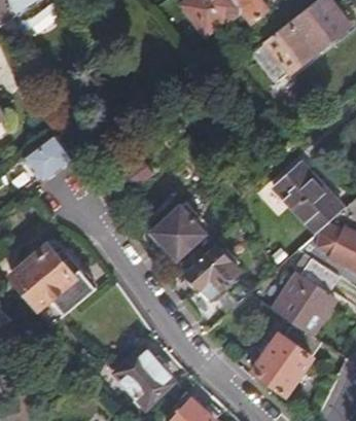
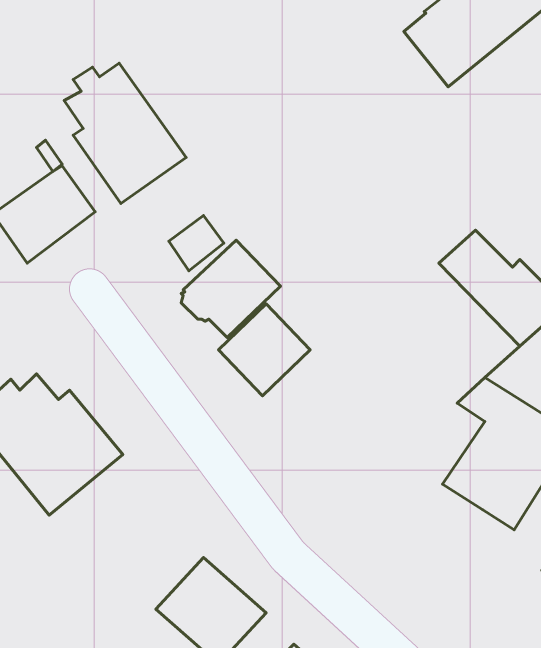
building: none -> [64,63,186,203]
building: [183,244,239,299] -> [181,240,280,338]
building: [254,322,322,391] -> none

